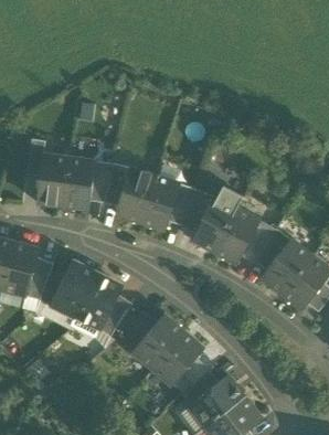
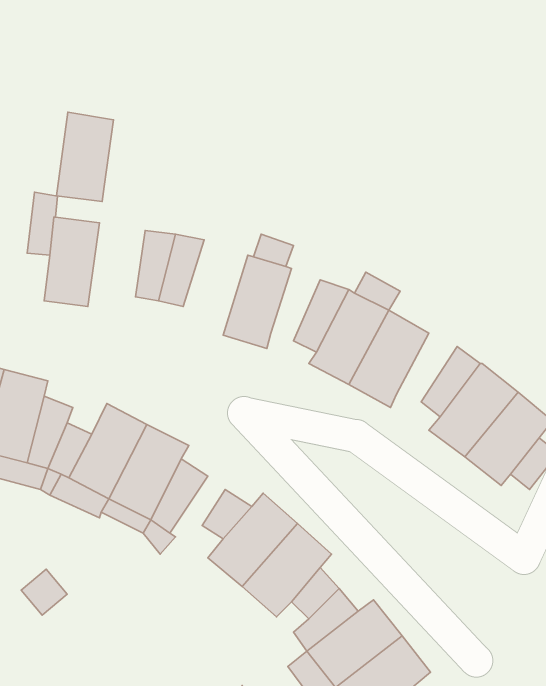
building: [63,158,96,210] -> [56,112,114,202]
building: [116,168,156,223] -> none
building: [169,184,198,226] -> none
building: [242,222,277,263] -> none

